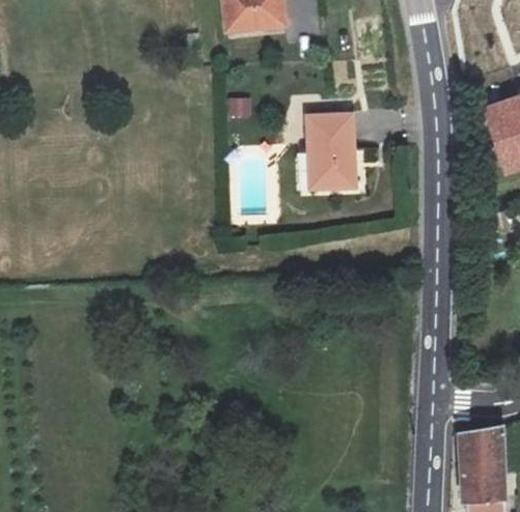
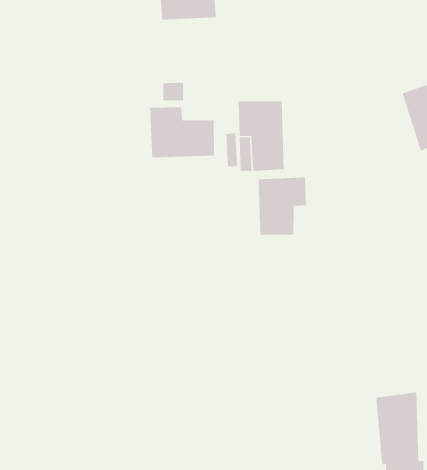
building: none -> [149,106,214,158]
building: none -> [258,176,306,236]

